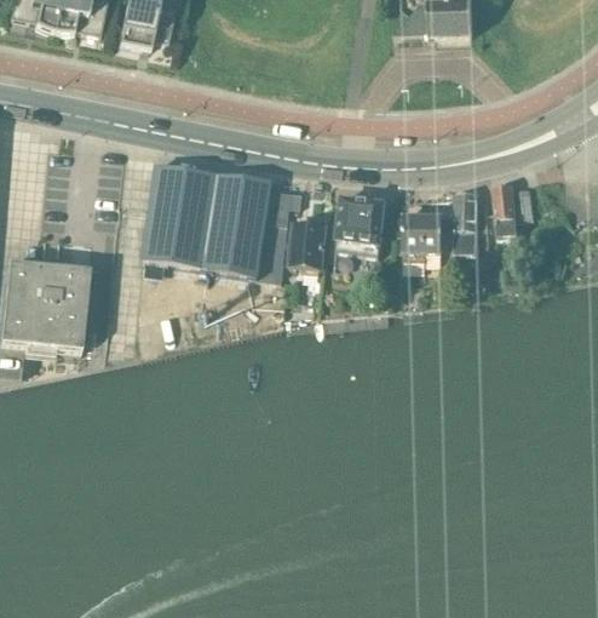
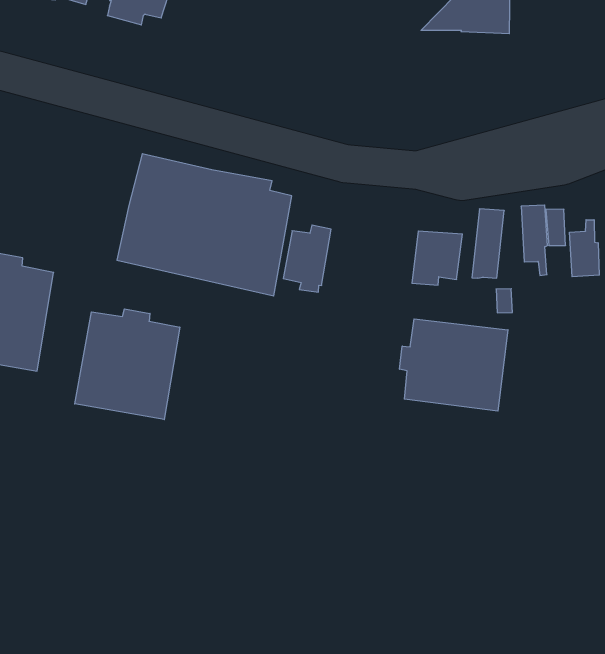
building: none -> [570,220,599,277]
building: [335,196,384,254] -> none
building: none -> [400,319,508,411]
building: none -> [75,309,180,420]

